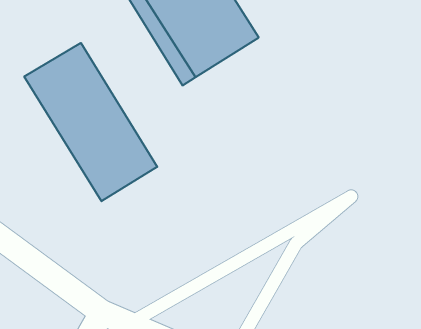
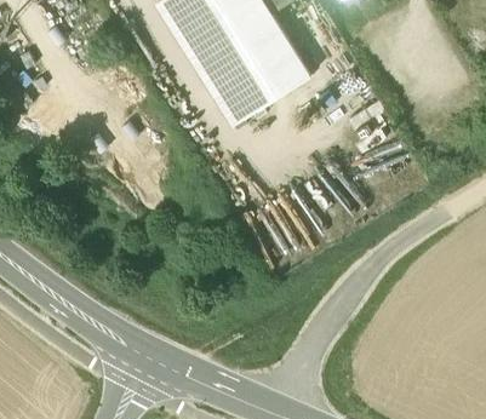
building: [24,43,157,201] -> none

